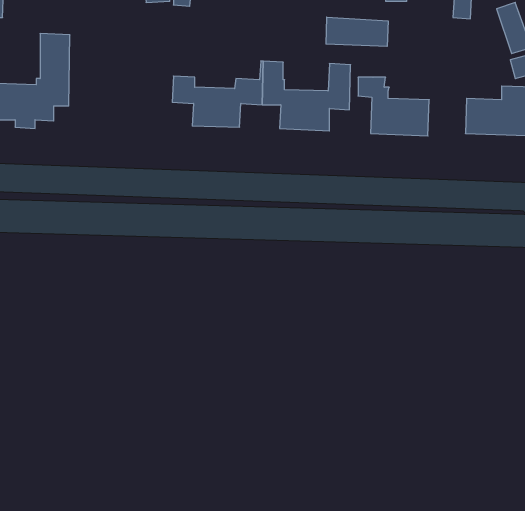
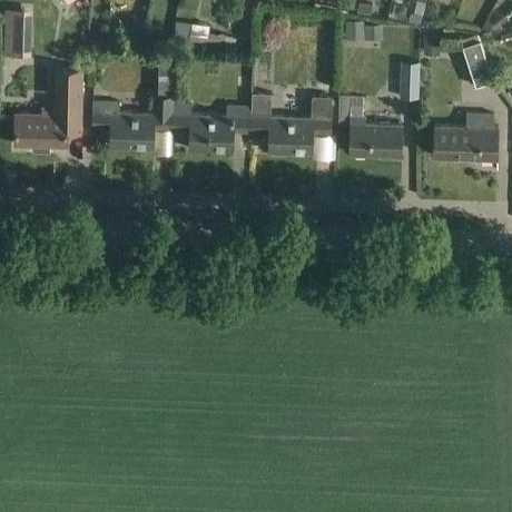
building: [326,17,388,46] -> none
building: none -> [92,56,175,149]
building: none -> [400,61,419,97]

